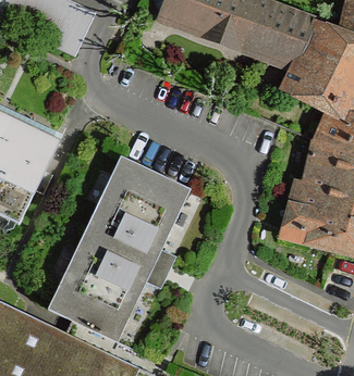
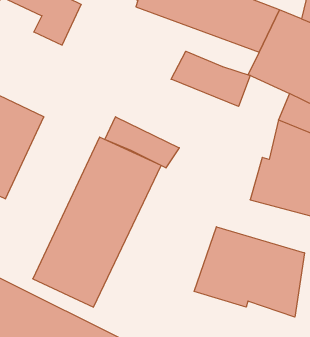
building: none -> [171,51,250,106]
building: none -> [105,117,179,168]
building: none -> [194,227,304,317]

